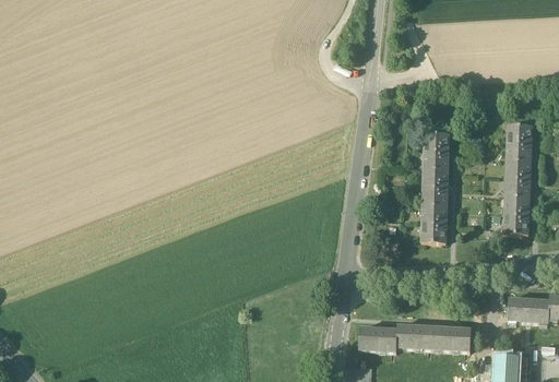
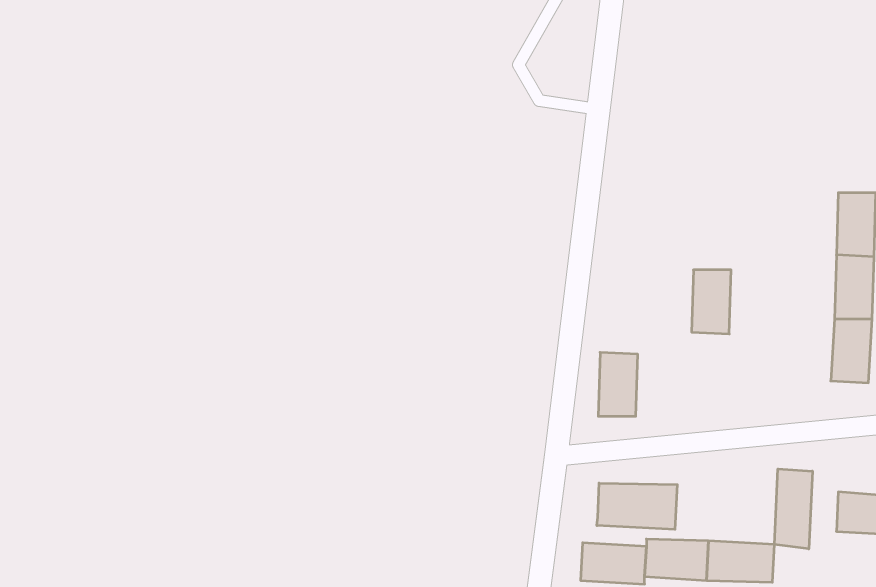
building: [425,131,448,168] -> none
building: [423,204,445,241] -> [598,352,638,416]
building: none -> [774,469,812,549]
building: none -> [597,483,677,529]

